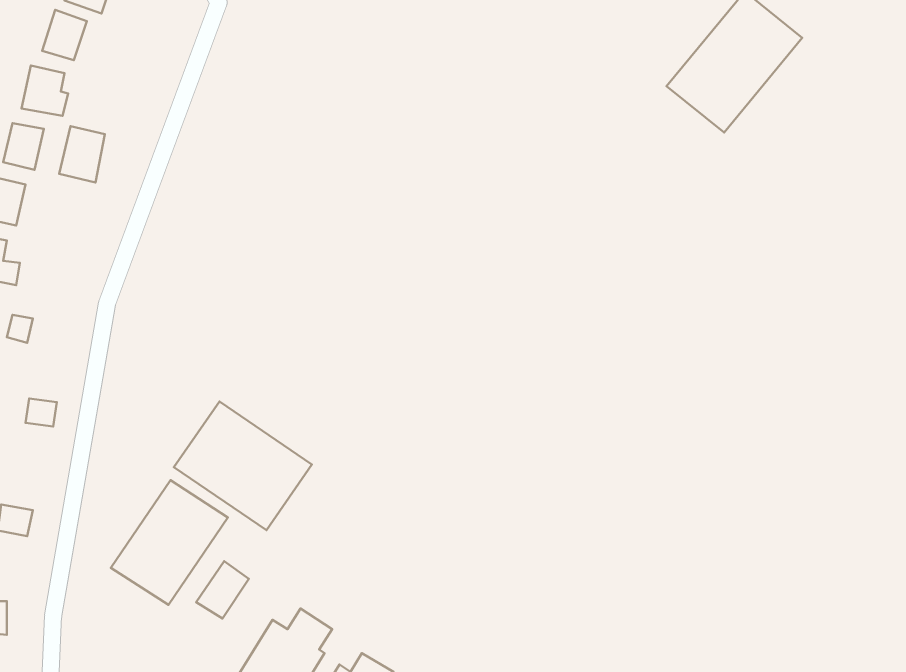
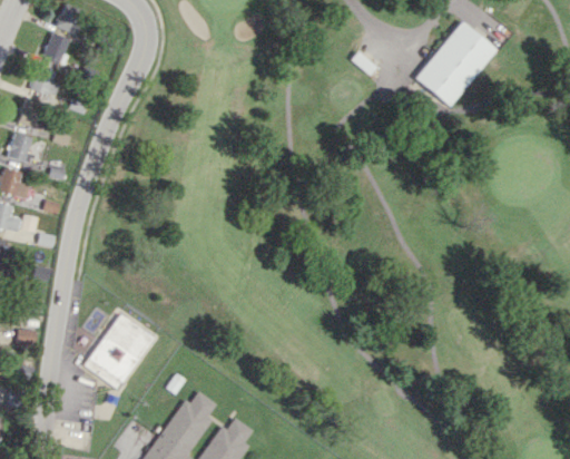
building: [59,126,105,183] -> none
building: [174,402,312,530] -> none
building: [196,561,249,619] -> none

